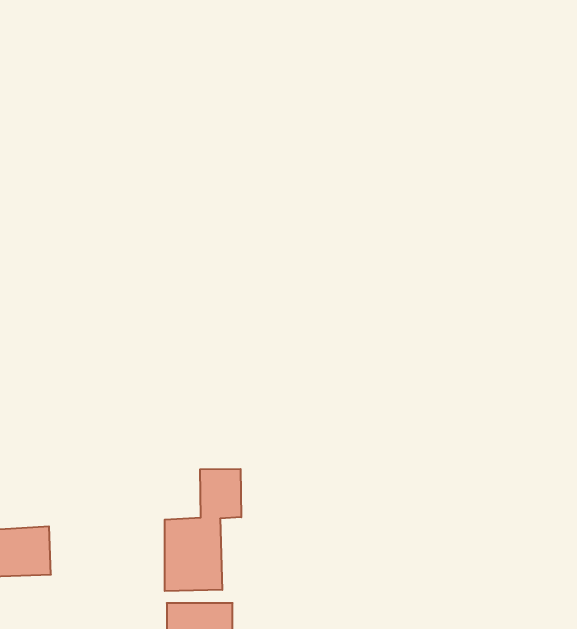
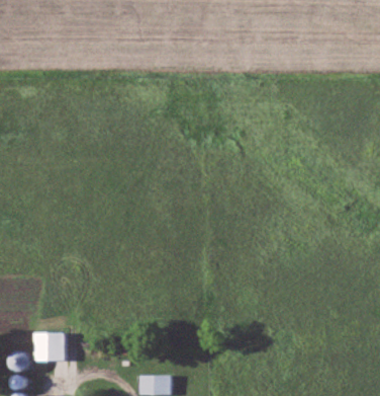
building: [165,469,241,591] -> none

